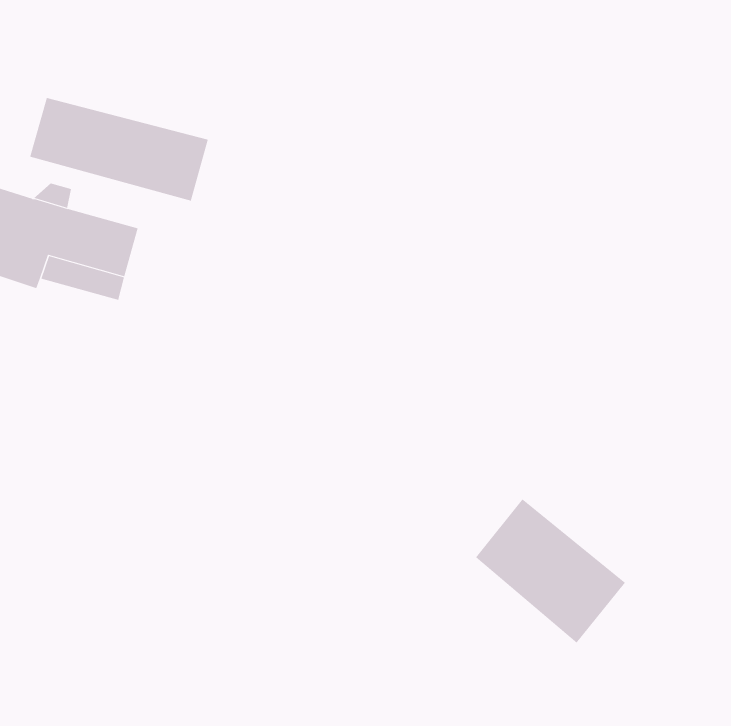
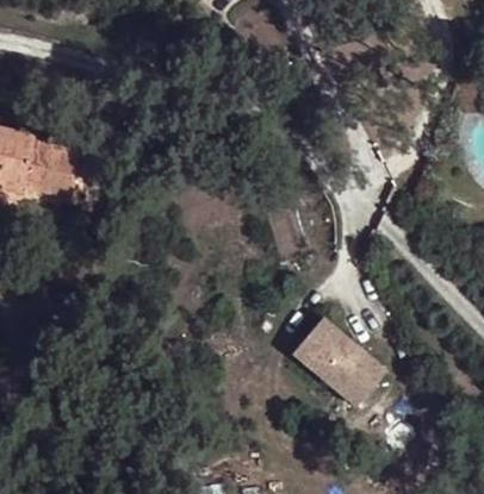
building: [29,97,208,202] -> none

